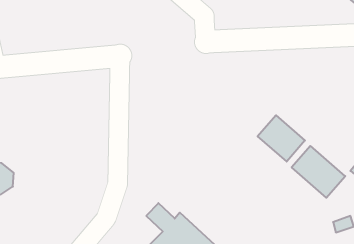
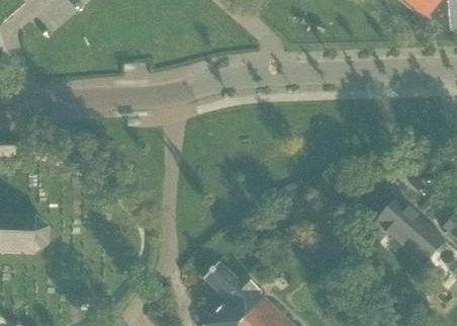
building: [258,115,305,162] -> none

